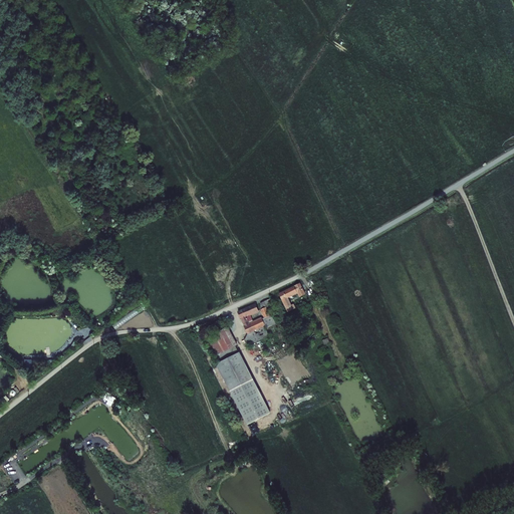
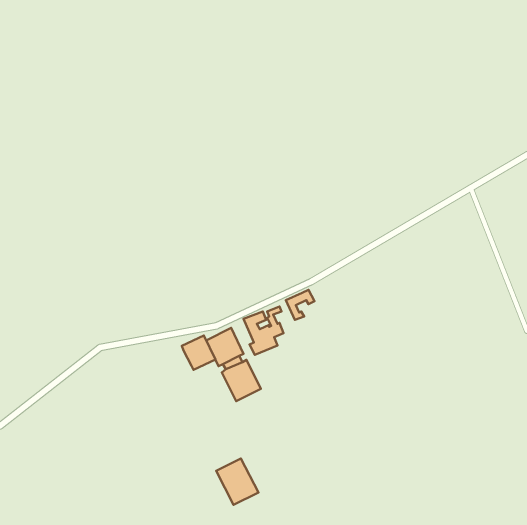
building: none -> [182,335,215,370]
building: [230,380,271,426] -> [216,459,258,505]

